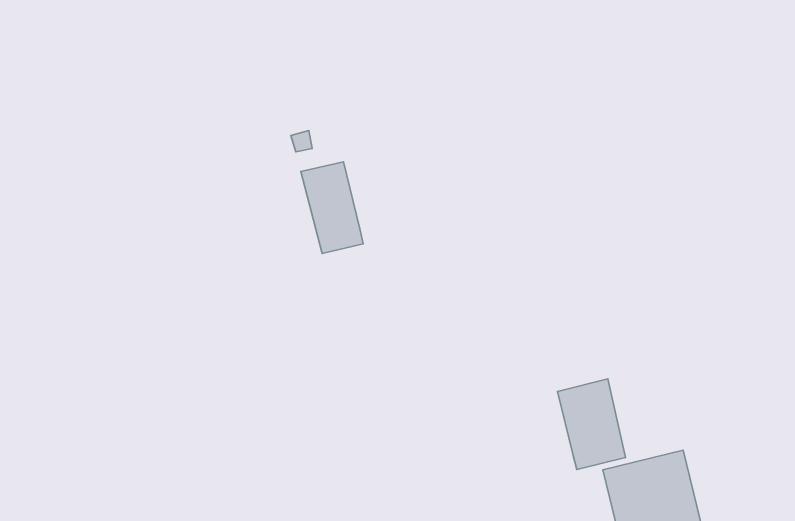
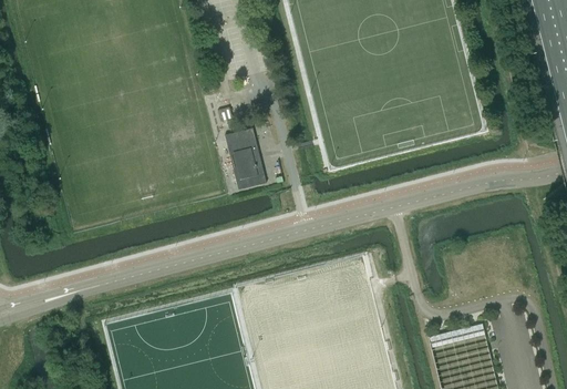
building: [557,379,626,470] -> none

